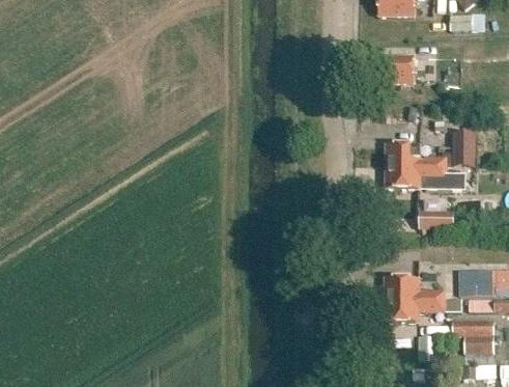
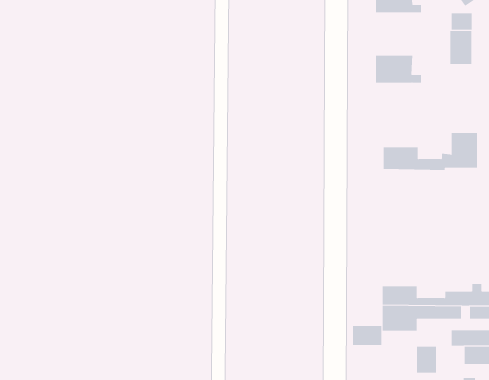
building: none -> [450,30,472,65]
building: [386,164,465,188] -> none
building: [418,210,453,228] -> none
building: none -> [353,325,382,346]

